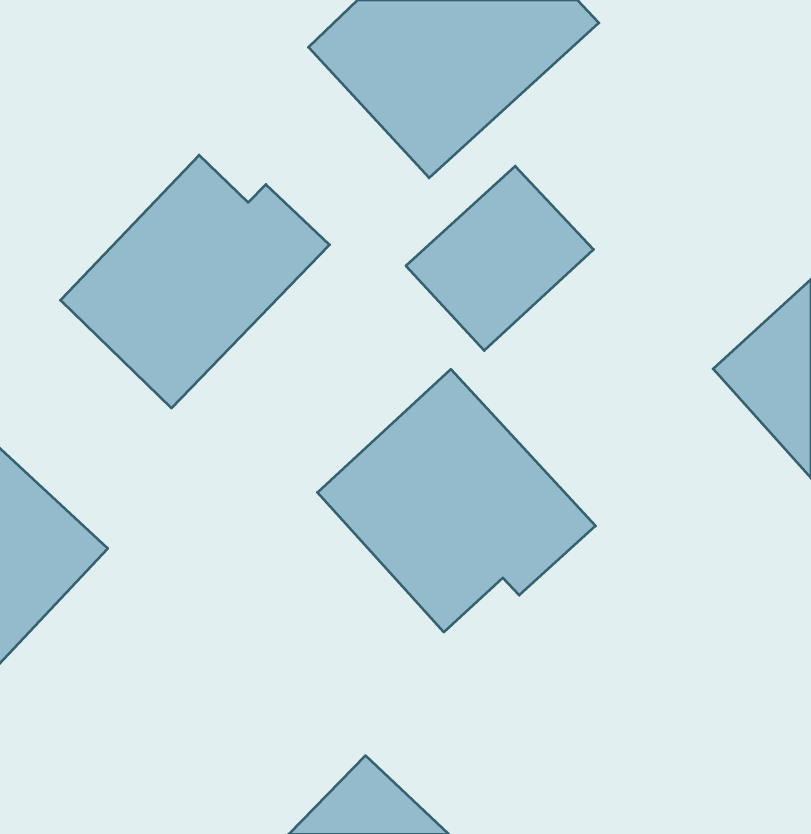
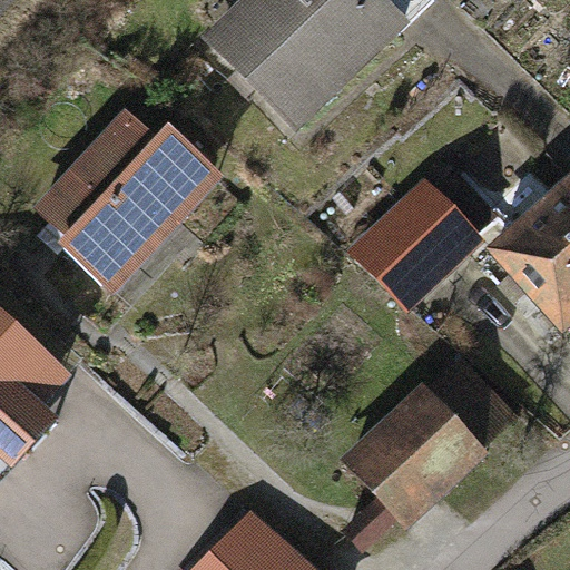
building: [406,166,594,351] -> [350,180,478,306]
building: [317,369,596,632] -> none
building: none -> [343,365,504,522]

